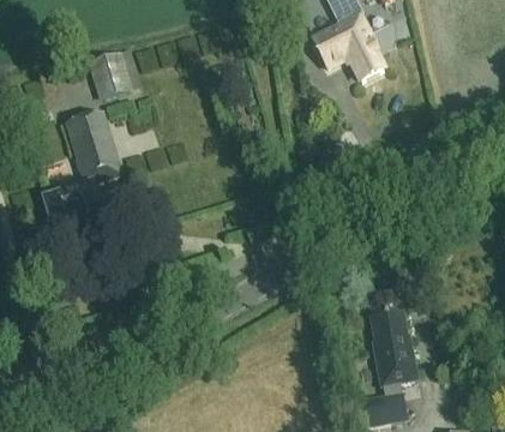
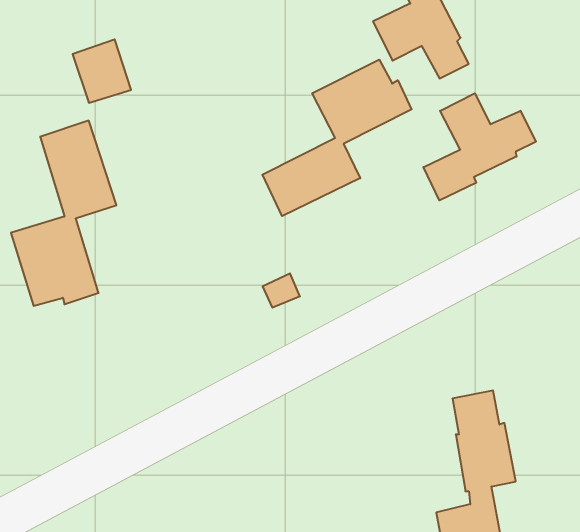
building: none -> [262,60,412,216]
building: none -> [423,93,536,200]

